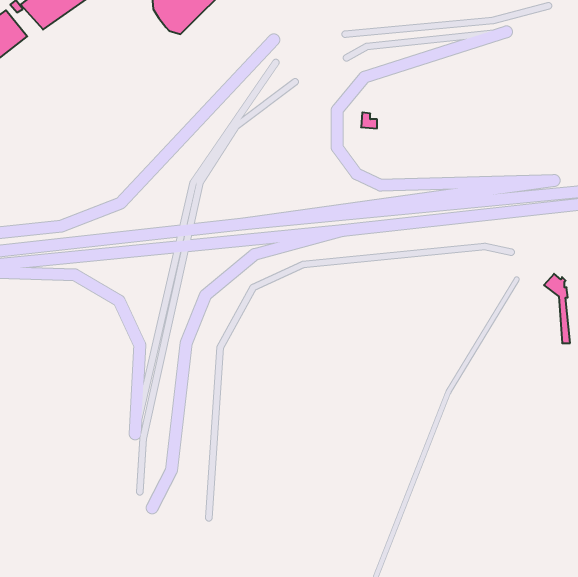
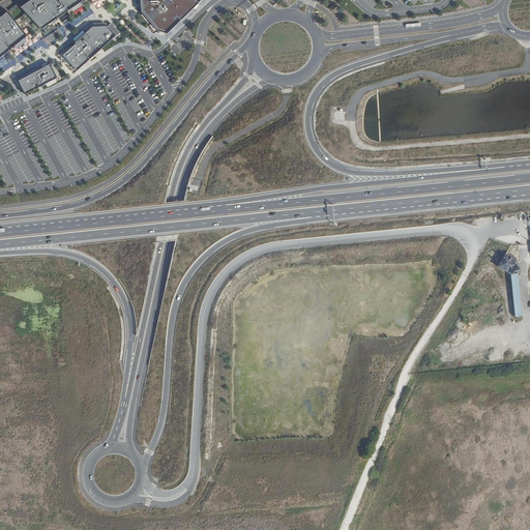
building: none -> [61,23,114,68]
building: none -> [17,61,55,91]

